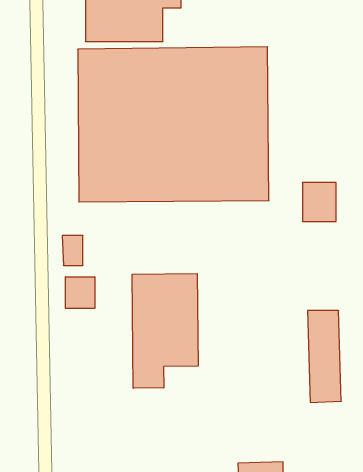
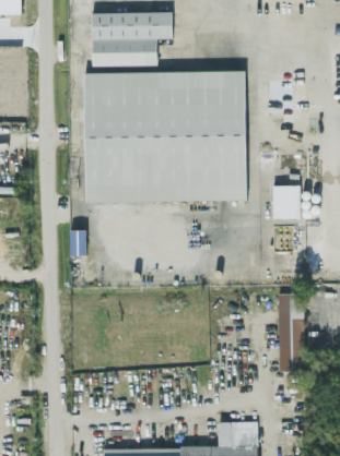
building: [132,274,198,388] -> none
building: [65,277,95,308] -> none

